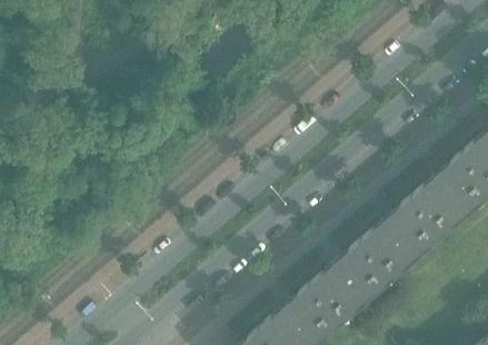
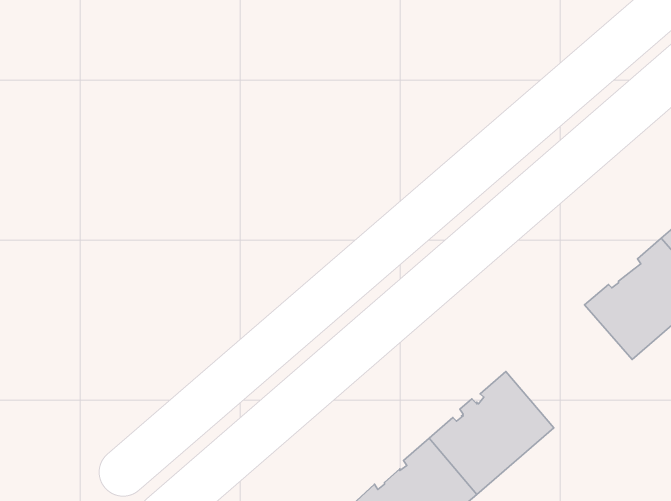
building: [359,200,441,280] -> none

